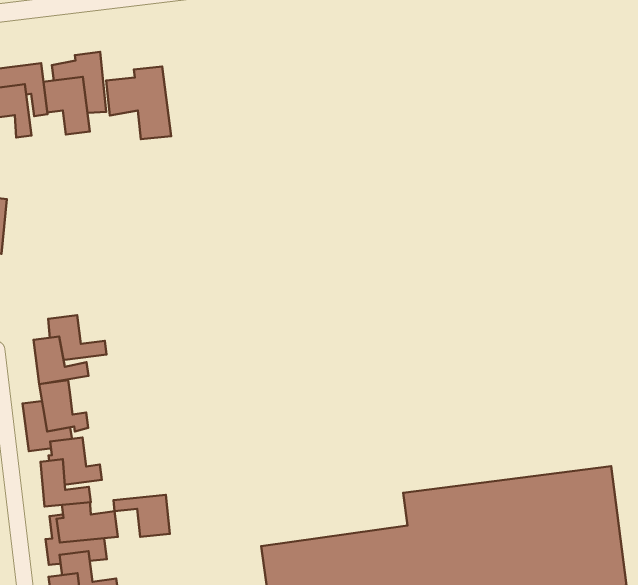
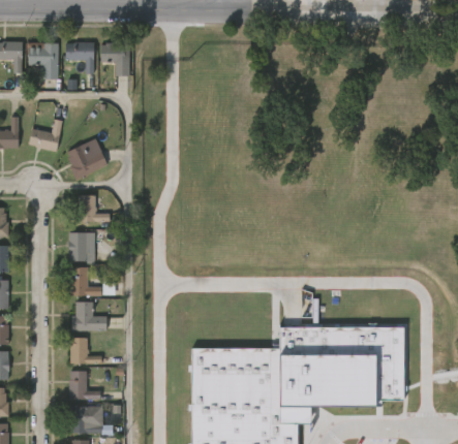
building: [106,67,171,139] -> none
building: none -> [68,145,110,180]
building: [113,495,170,537] -> none

